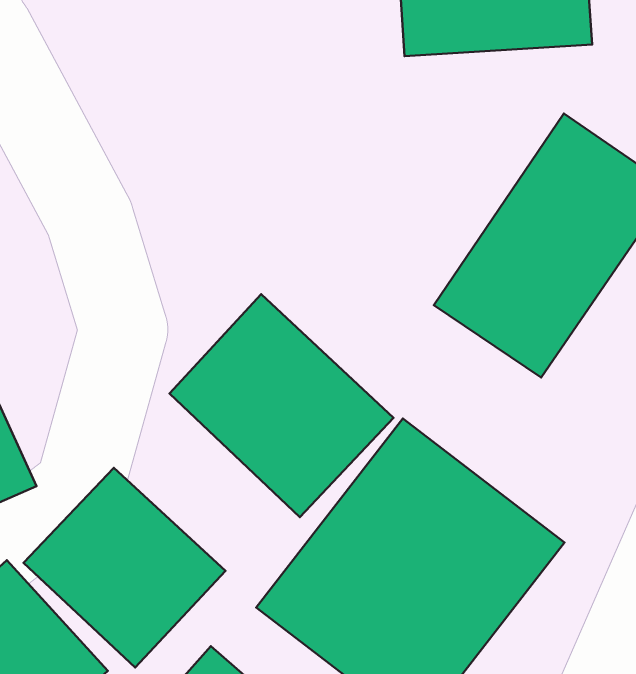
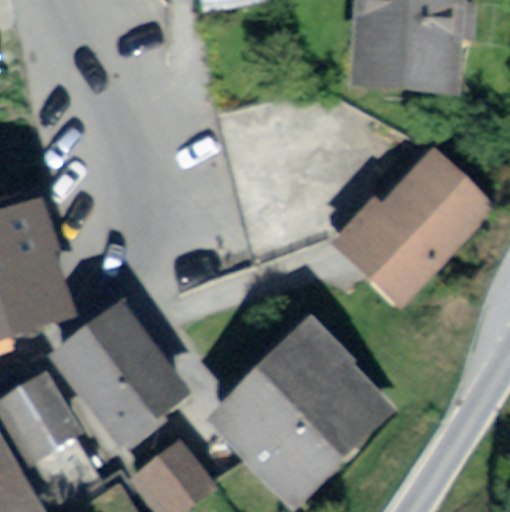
building: [170,294,393,517] -> none

